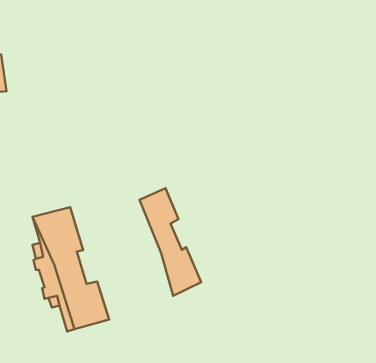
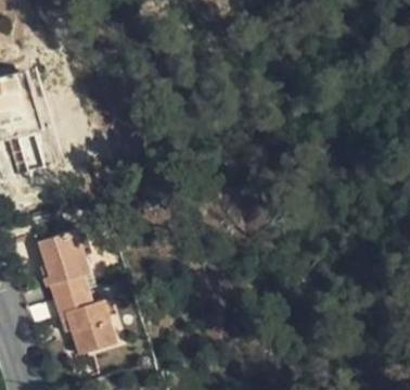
building: [140,188,201,296] -> none

